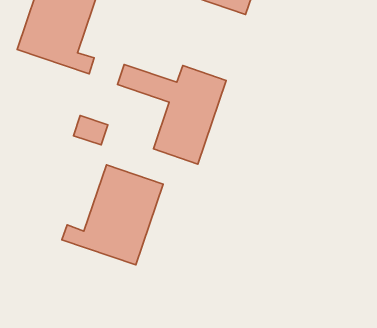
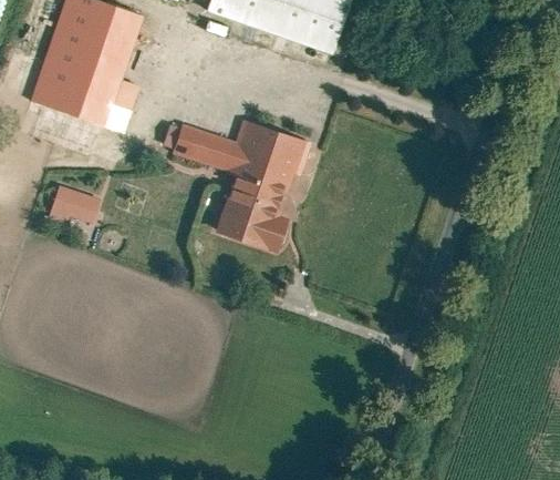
building: [73,116,108,145] -> [53,185,98,224]
building: [62,165,163,265] -> none

